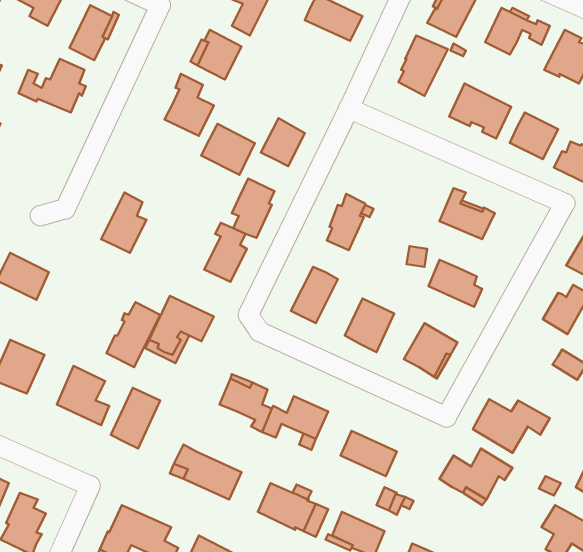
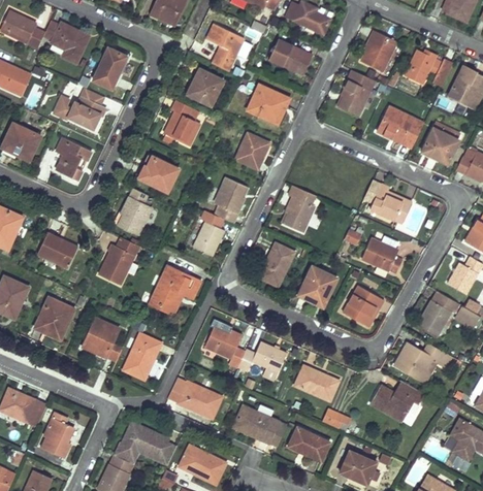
building: none -> [247,85,288,122]
building: [201,124,255,175] -> [138,155,179,193]
building: none -> [56,138,91,181]
building: [107,302,160,367] -> [98,236,138,285]
building: none -> [417,291,458,335]

